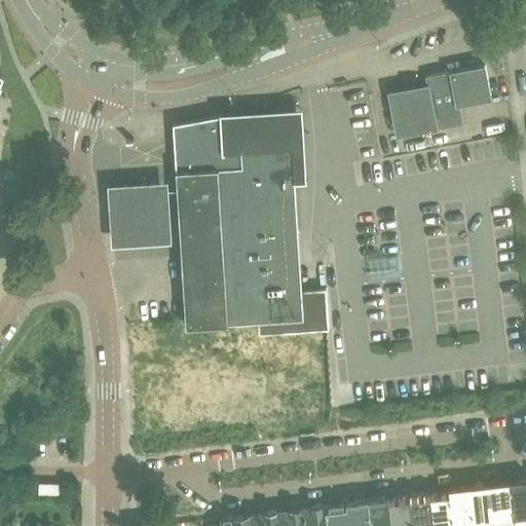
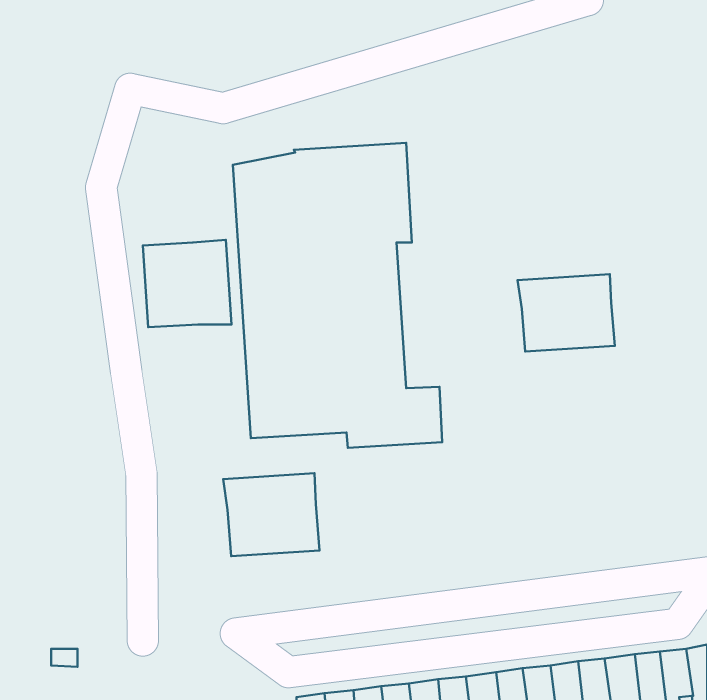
building: [389,70,490,140] -> none
building: none -> [517,274,615,352]
building: none -> [223,473,319,556]

